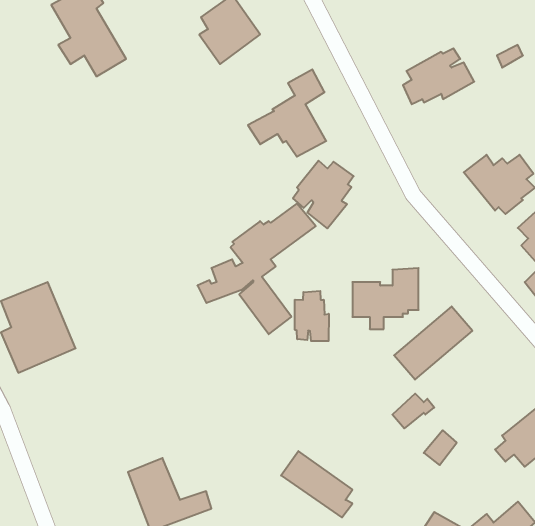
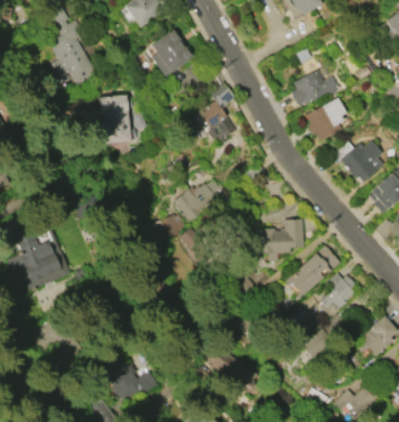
building: none -> [99,94,138,145]
building: none -> [306,97,351,143]
building: [293,161,354,228] -> none
building: [295,291,329,341] -> none
building: none -> [322,272,358,316]

